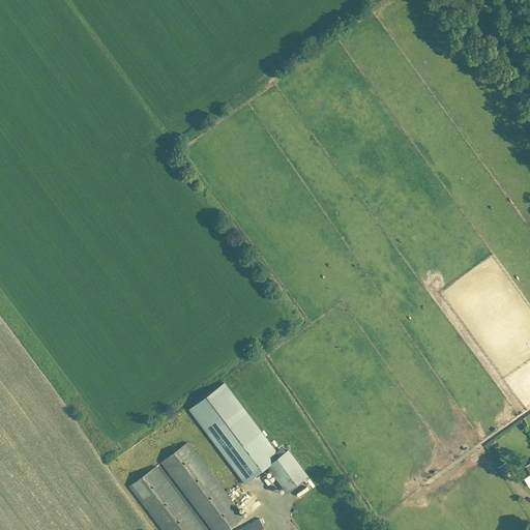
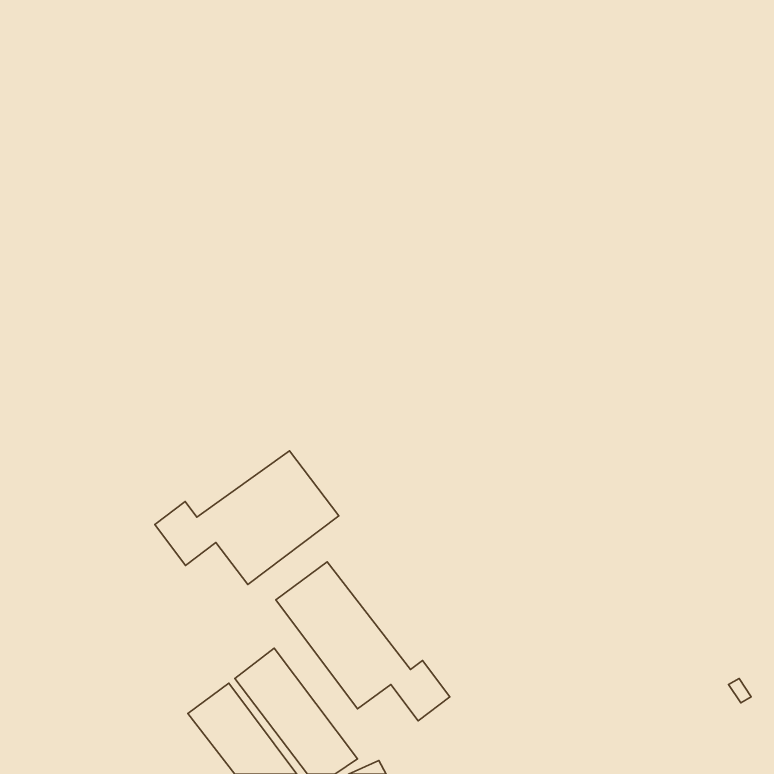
building: none -> [155,451,339,584]

